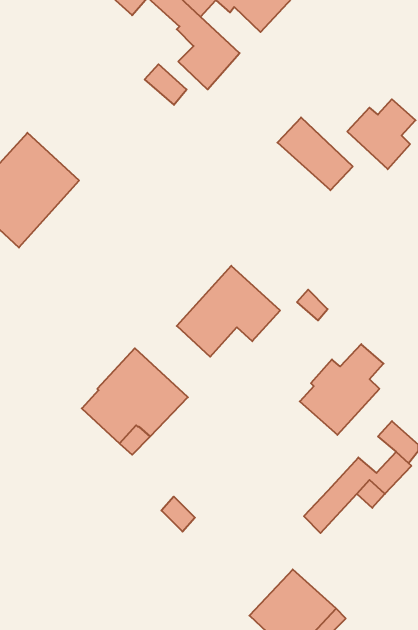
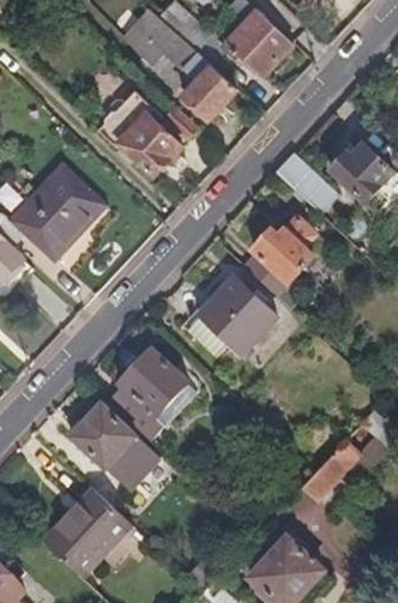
building: none -> [95,90,180,175]
building: [300,344,384,435] -> [245,216,316,294]
building: none -> [70,402,151,482]
building: none -> [43,487,132,578]

